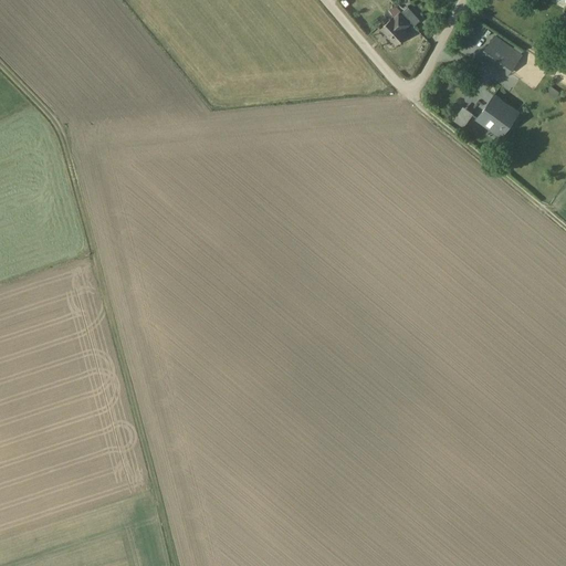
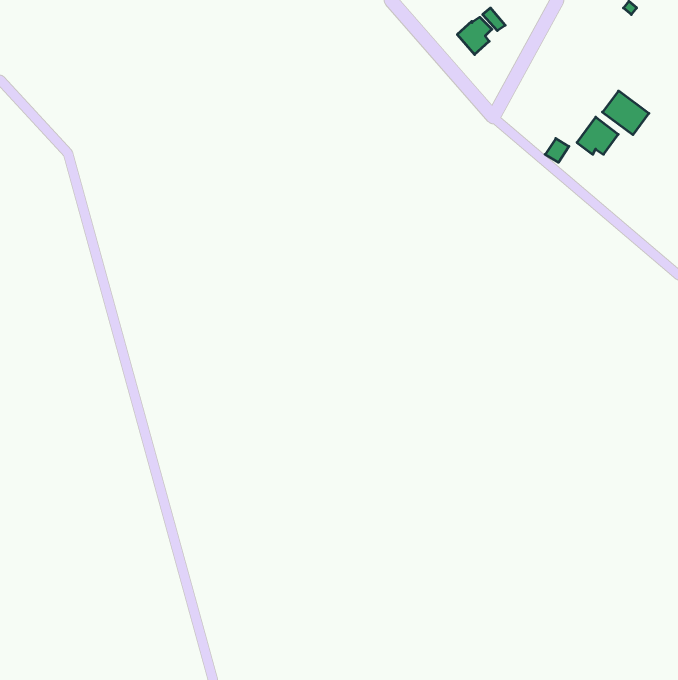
building: [483,36,522,73] -> [602,91,649,135]

